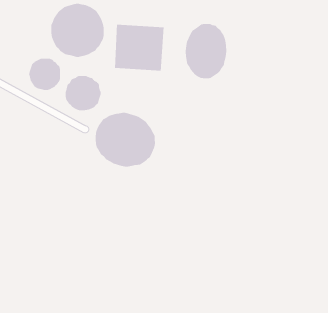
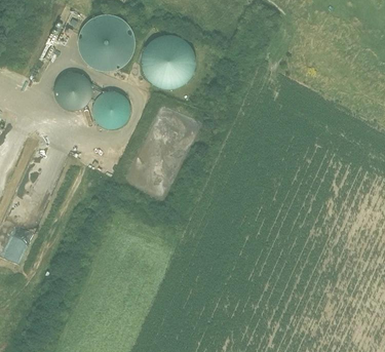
building: [185,23,227,79] -> none
building: [95,112,156,168] -> none

